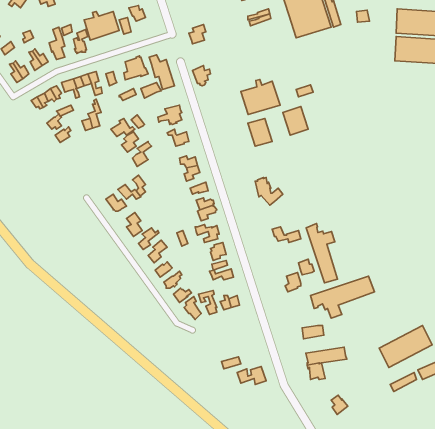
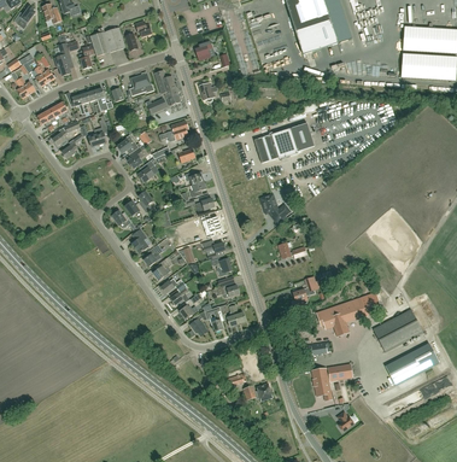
building: [241,79,280,115] -> none
building: [306,223,338,283] -> none
building: none -> [373,308,423,351]

